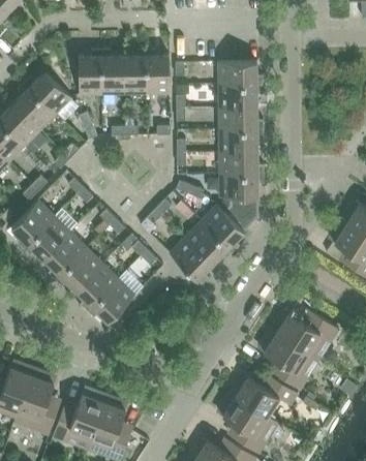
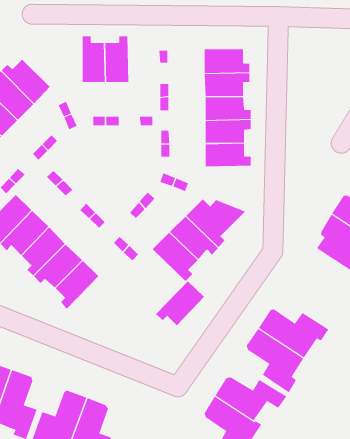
building: [79,49,101,94] -> none
building: [146,49,170,93] -> none
building: [219,173,264,216] -> none
building: [87,278,134,321] -> [155,281,205,326]

